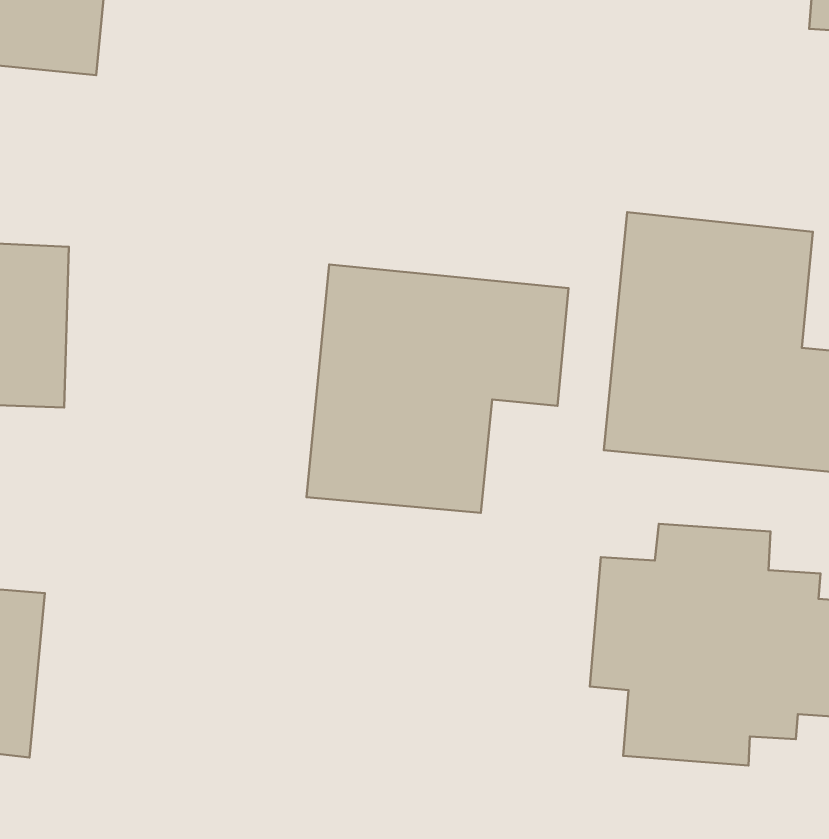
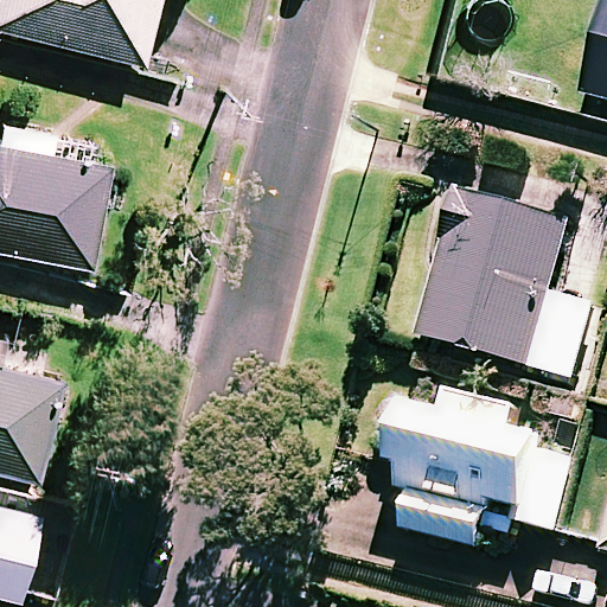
building: [307,264,568,513] -> none

